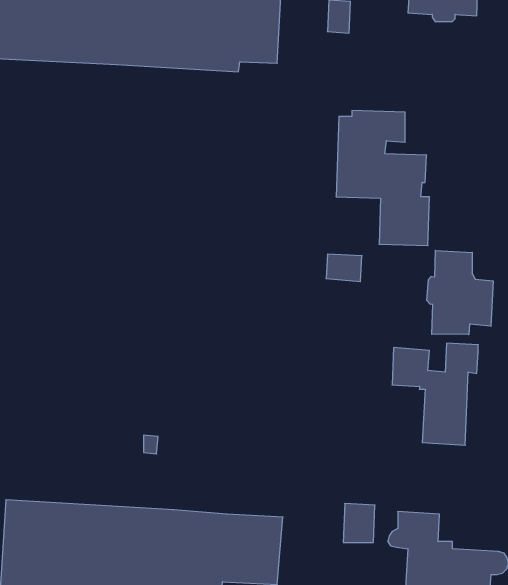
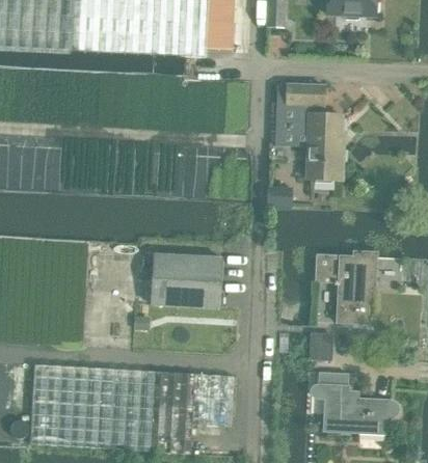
building: [427,250,493,335] -> none
building: none -> [152,254,221,307]
building: [343,504,375,542] -> [311,333,333,361]

